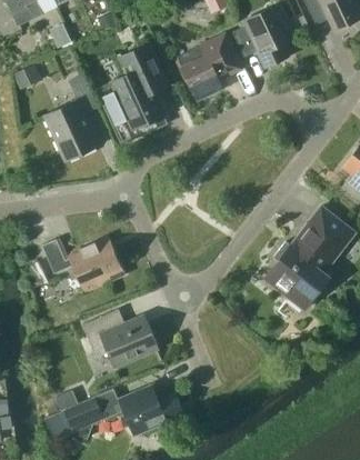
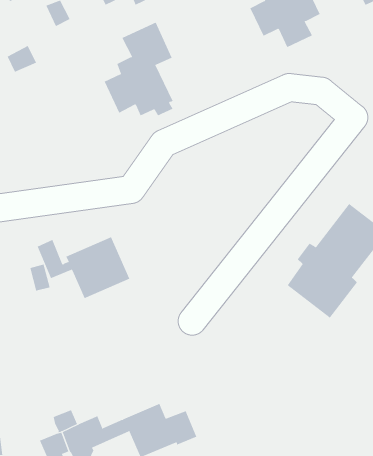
building: [176,33,240,99] -> none
building: [44,73,98,159] -> none
building: [81,312,156,366] -> none

